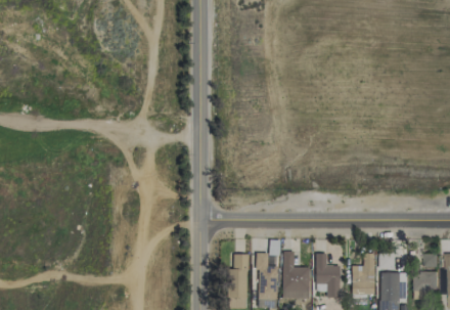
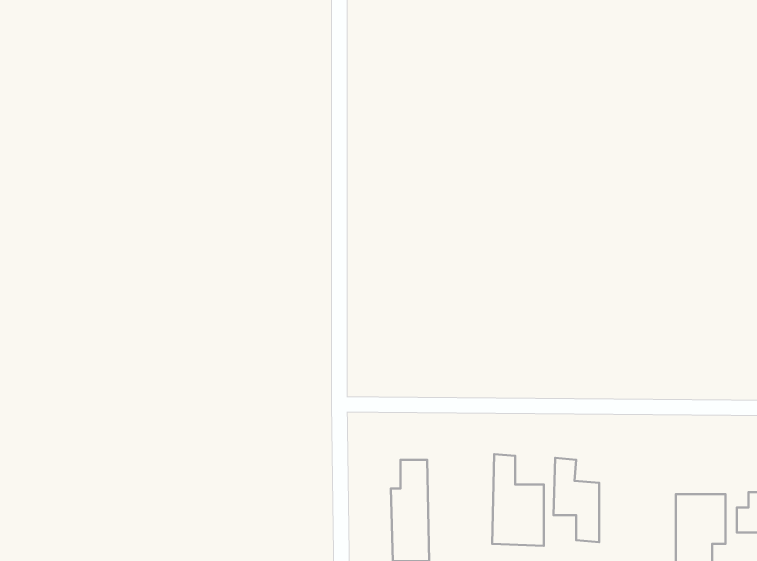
building: [255,253,278,300] -> none
building: [351,253,375,295] -> none

